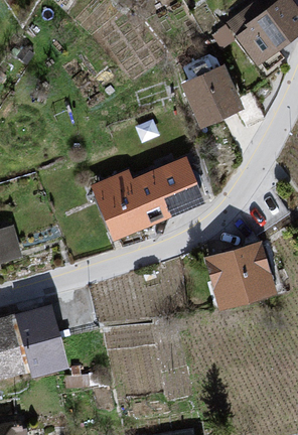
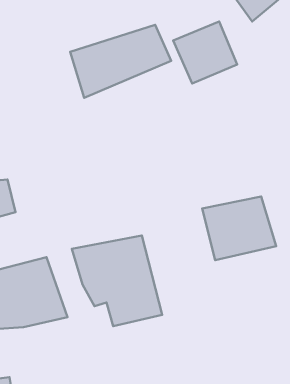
building: [100,162,201,236] -> [70,25,171,98]
building: none -> [72,236,162,326]

